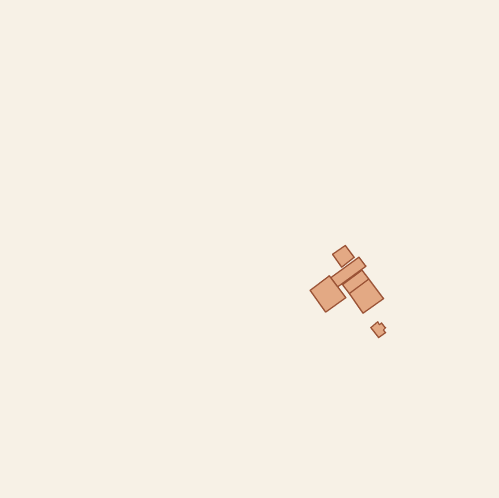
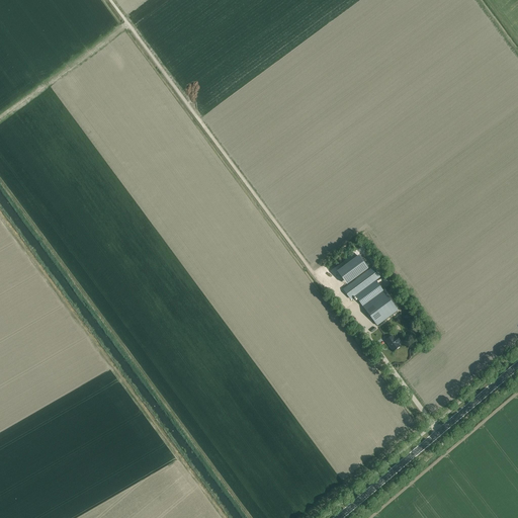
building: [310,276,346,312] -> none

